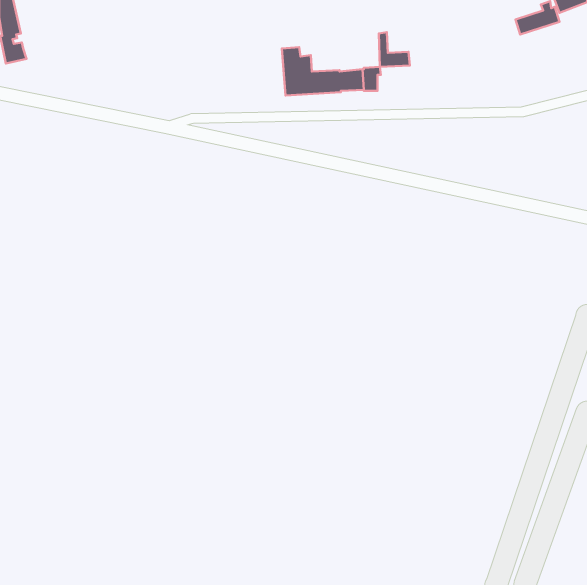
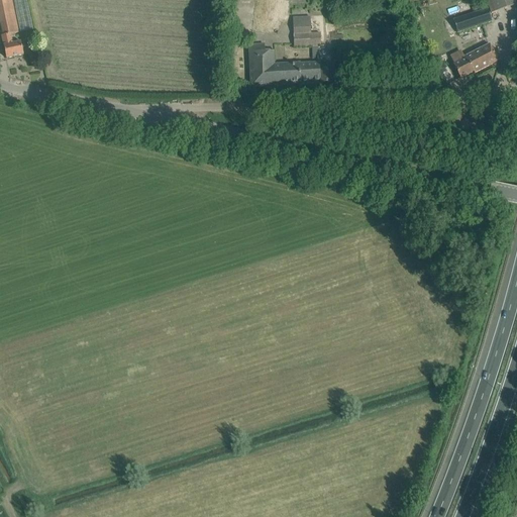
building: [379,32,410,67] -> [293,14,320,44]
building: none -> [452,41,497,76]

